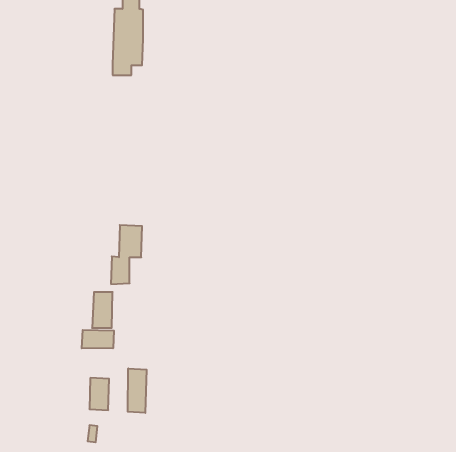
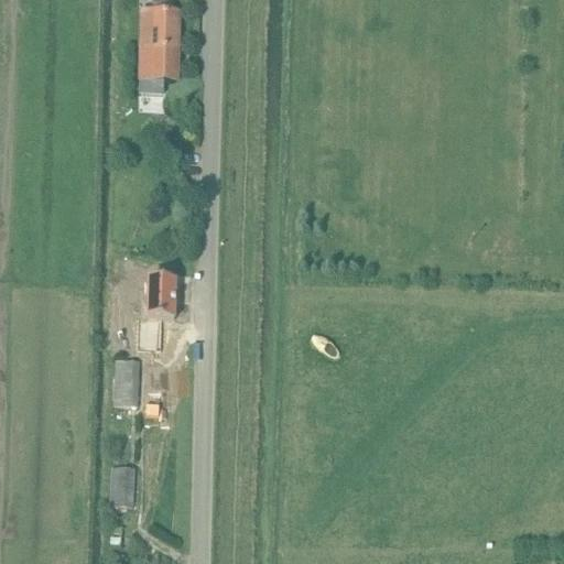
building: [82,330,114,348] -> none
building: [128,368,147,413] -> none

